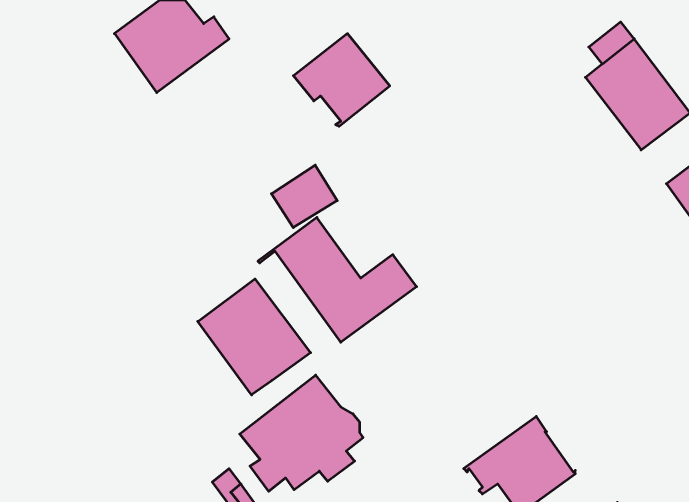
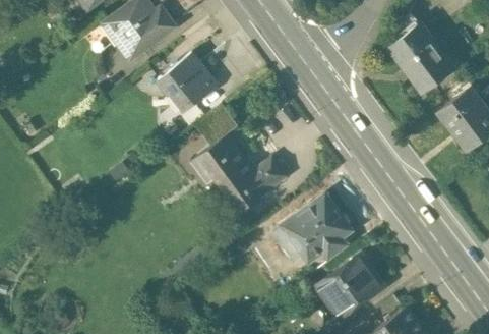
building: [293,34,390,126] -> [158,54,216,110]
building: [198,279,311,395] -> none
building: [240,375,363,491] -> [276,191,350,262]

